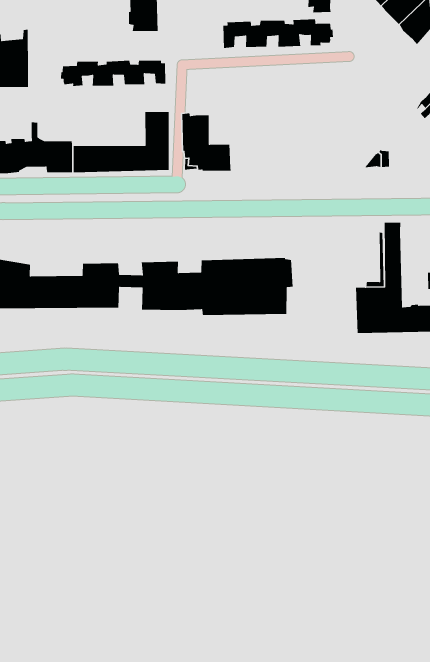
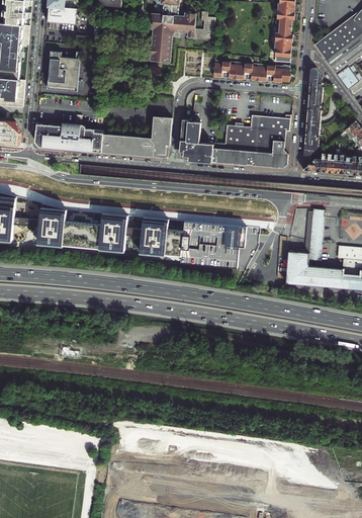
building: none -> [302,67,324,155]
building: [60,60,166,87] -> none
building: none -> [212,115,288,168]

